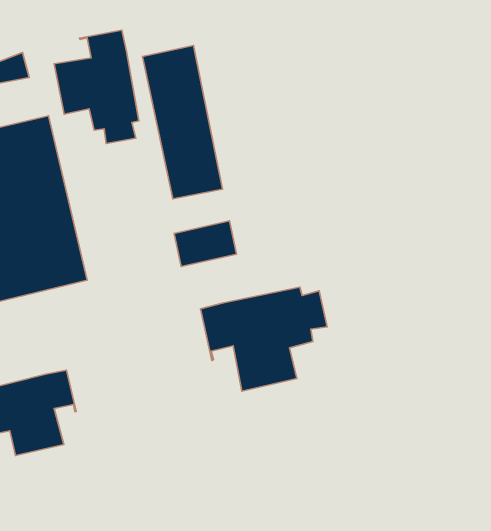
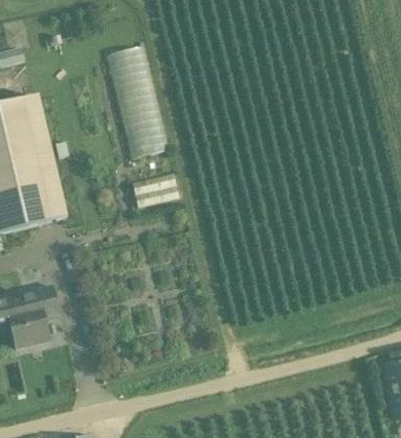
building: [54,30,139,144] -> none
building: [200,287,327,391] -> none

